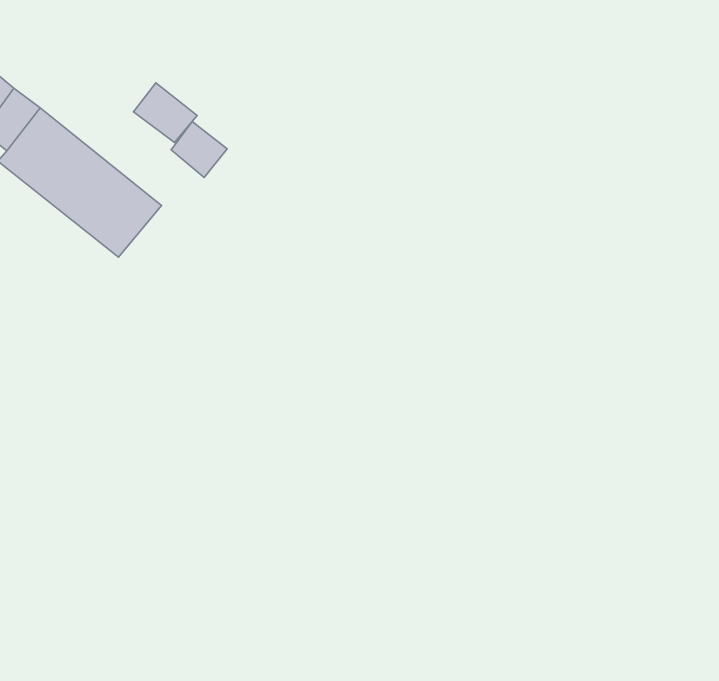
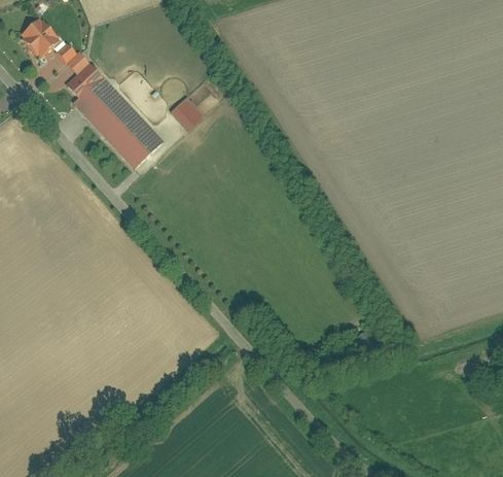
building: [133,83,197,143] -> none

